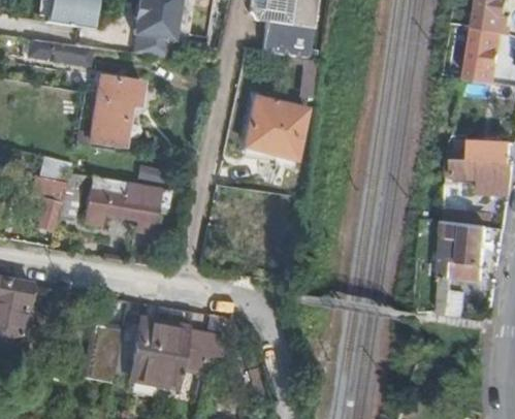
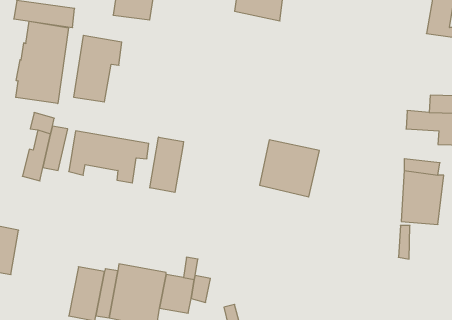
building: none -> [16,21,69,104]
building: [244,97,308,158] -> [260,140,319,197]
building: none -> [150,137,184,192]

